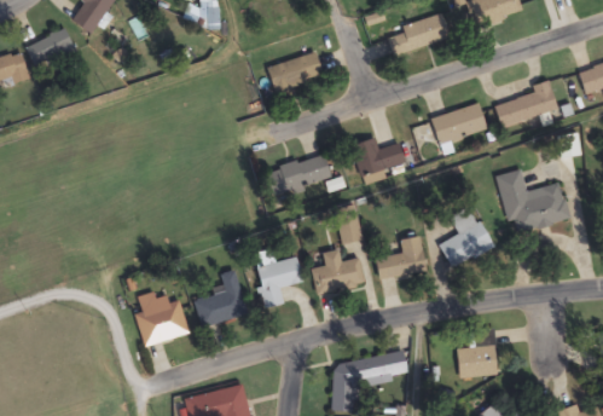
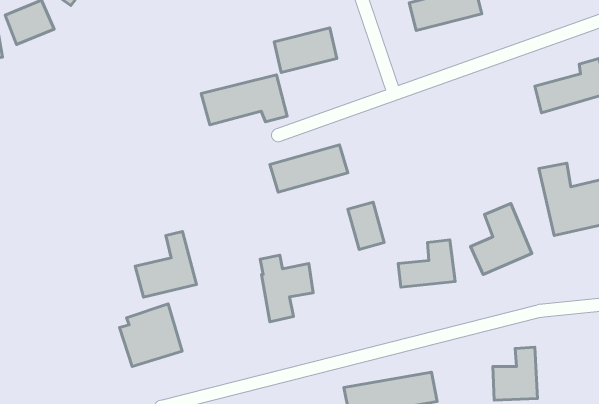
building: none -> [201,75,287,125]
building: [430,102,488,144] -> none
building: [337,137,406,178] -> none
building: [312,249,365,294] -> none
building: [195,268,248,325] -> [135,231,196,297]

